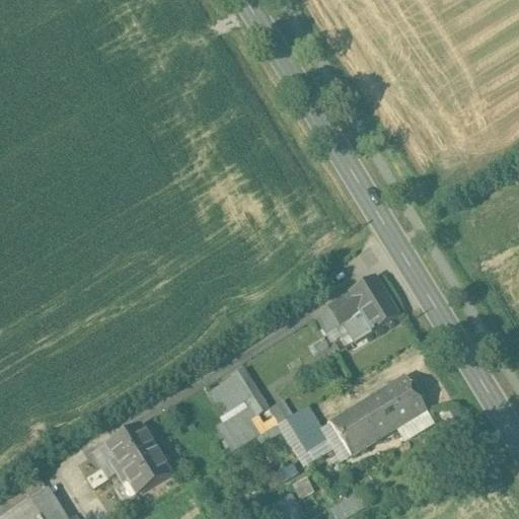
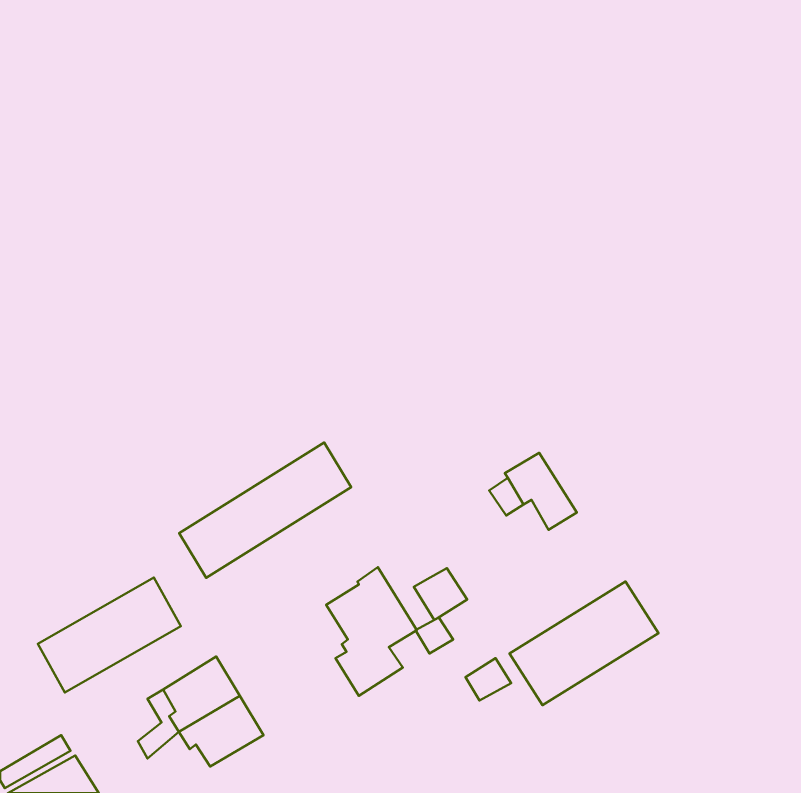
building: [349,277,397,331] -> none
building: none -> [179,443,351,578]
building: none -> [38,578,181,693]
building: [286,405,320,439] -> [414,568,467,620]

